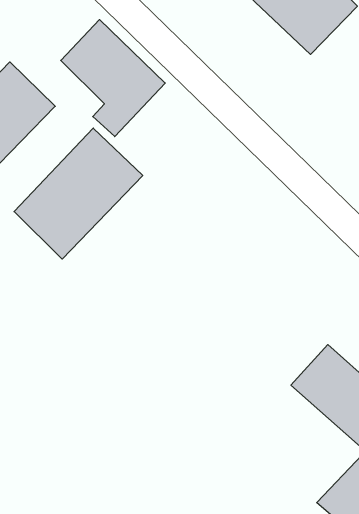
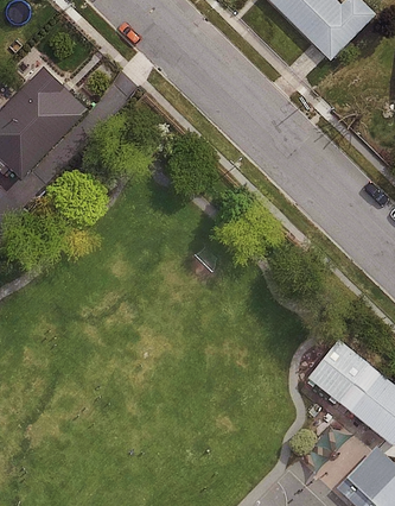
building: [61,20,165,137] -> none
building: [14,128,143,259] -> none

